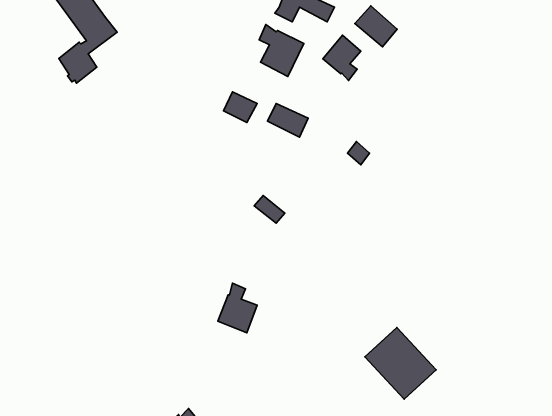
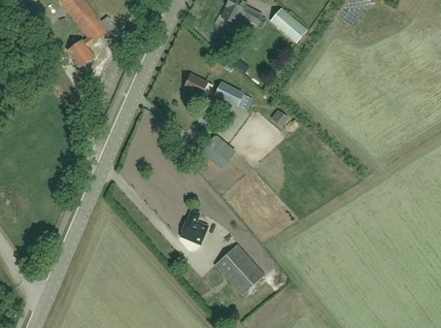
building: [259,25,304,77] -> none
building: [323,35,361,80] -> none
building: [365,328,436,399] -> [214,244,265,295]

